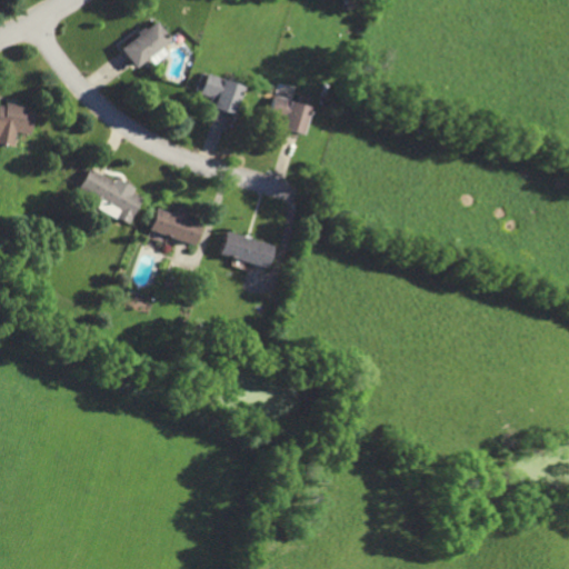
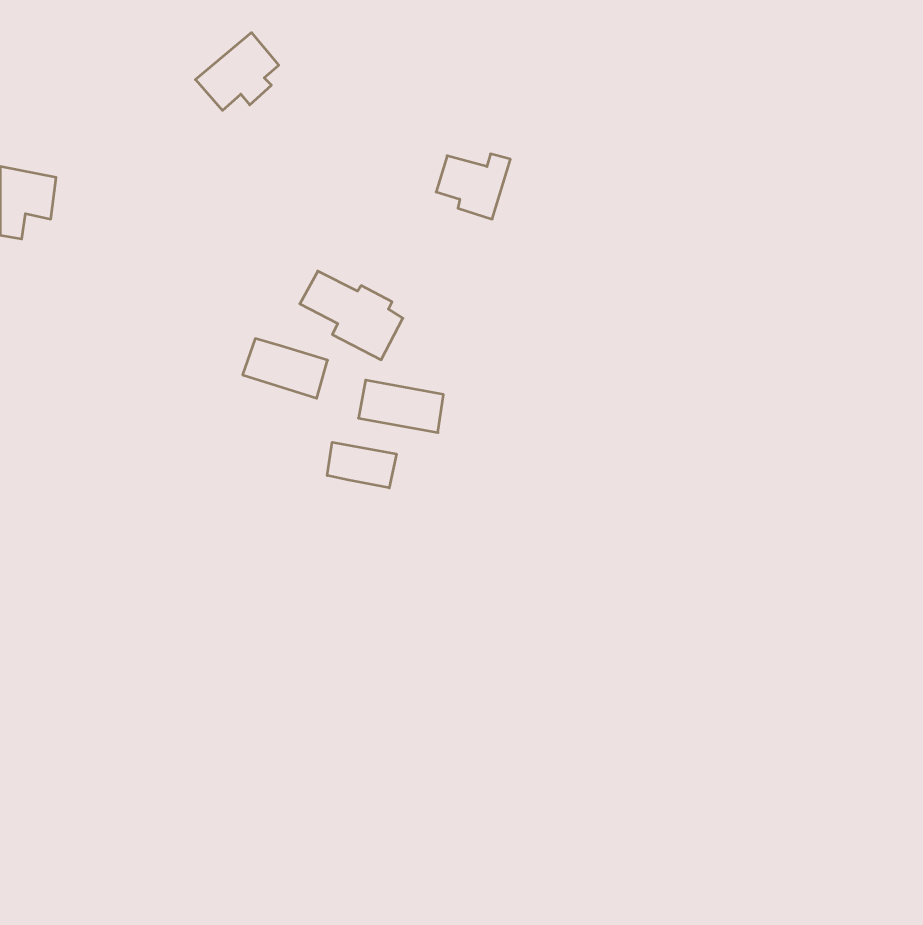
building: [201,74,243,114] -> none
building: [79,169,142,223] -> [300,271,403,360]
building: none -> [327,442,396,488]

